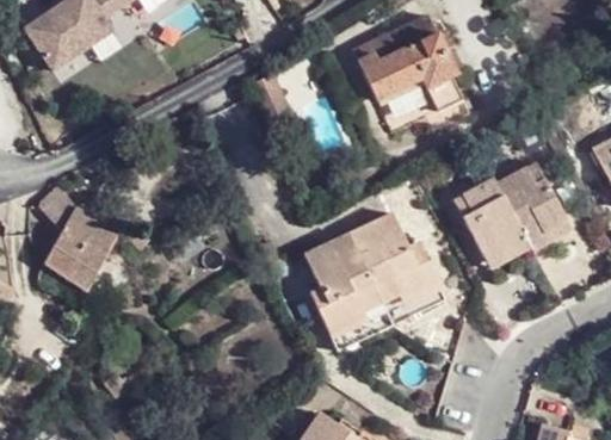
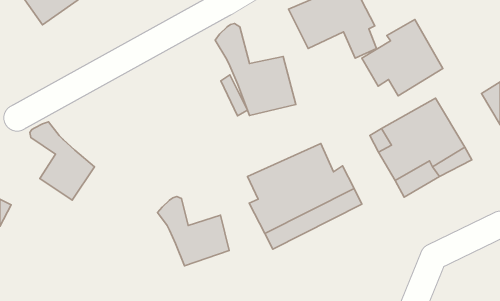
building: none -> [362,20,443,96]
building: none -> [215,23,296,115]
building: none -> [158,197,229,266]

